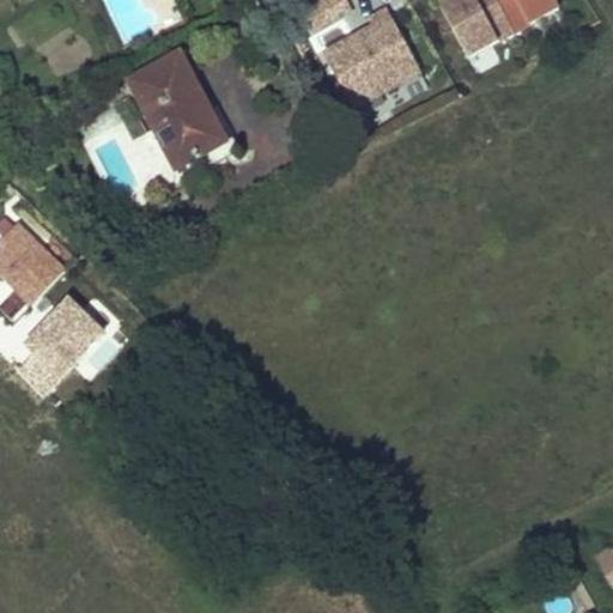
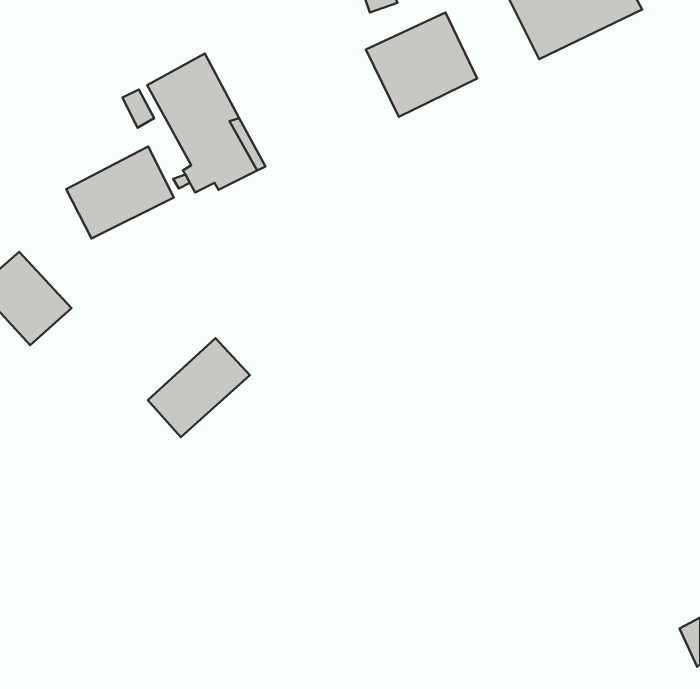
building: none -> [66,146,174,238]
building: [11,305,99,392] -> [148,338,250,437]

